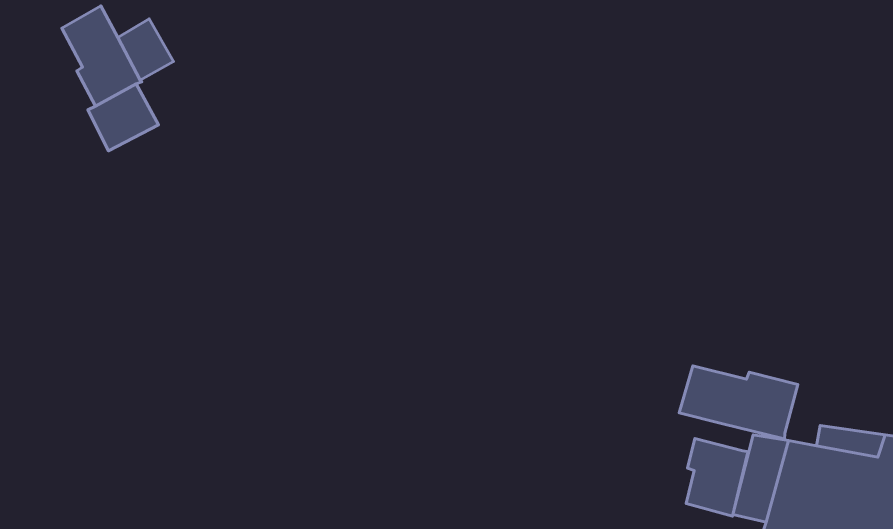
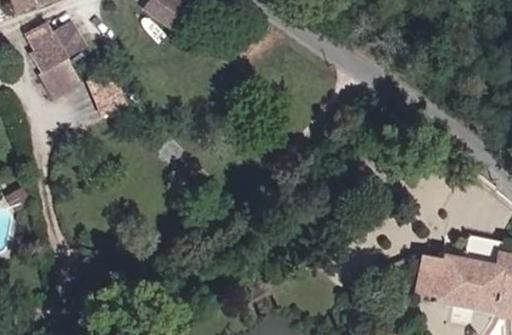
building: [679,366,798,440] -> none
building: [686,438,749,516] -> none

